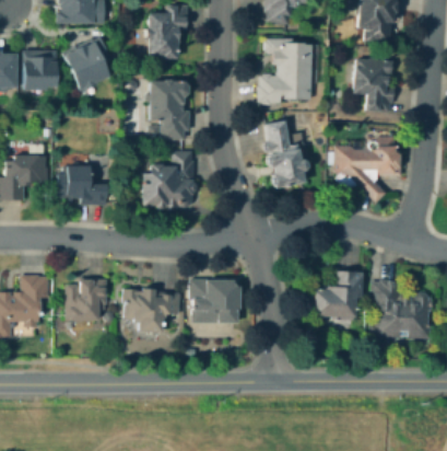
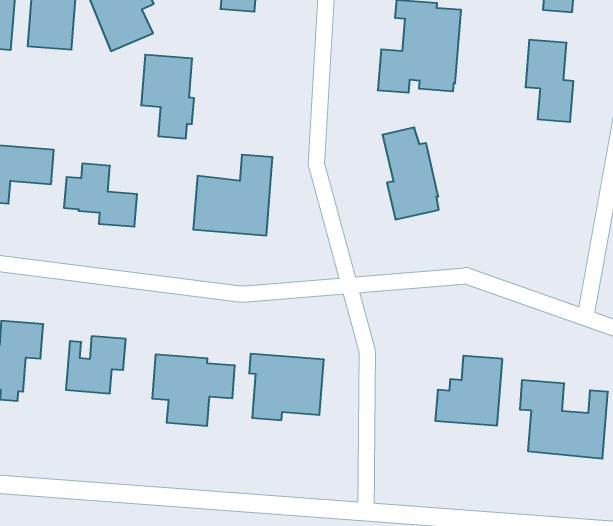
building: [151,83,186,137] -> [141,55,194,138]
building: [337,137,393,200] -> none

